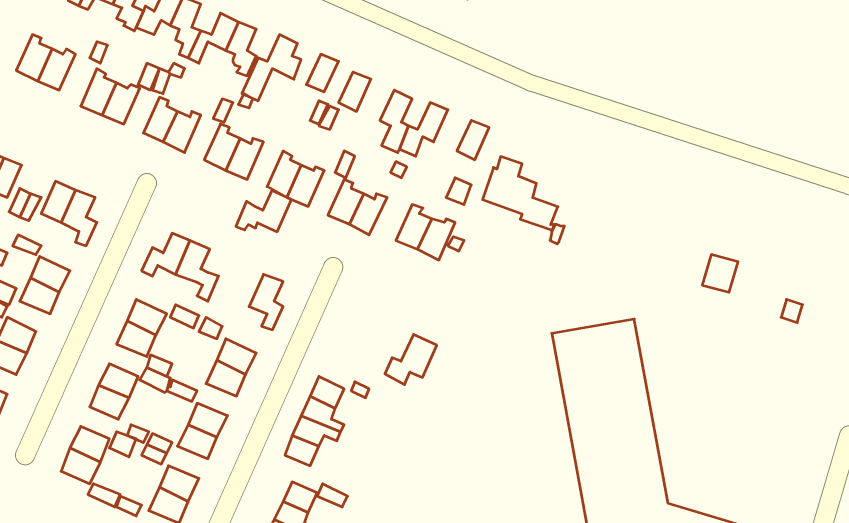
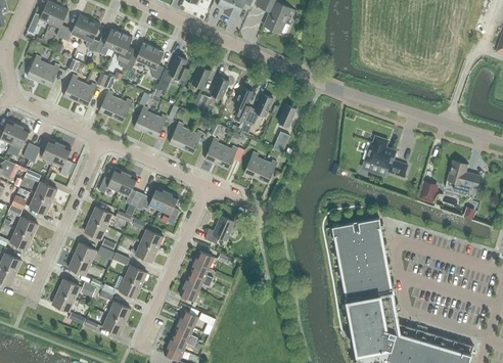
building: [483,157,558,230] -> [364,136,407,178]
building: [236,191,291,232] -> [135,187,167,211]
building: none -> [447,161,479,194]
building: [385,334,437,385] -> [203,216,233,244]

